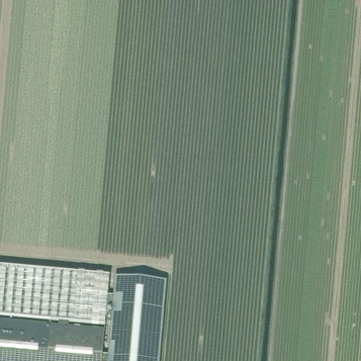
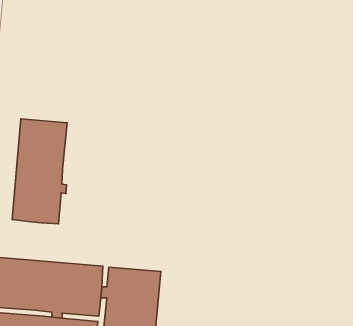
building: none -> [12,119,67,224]

